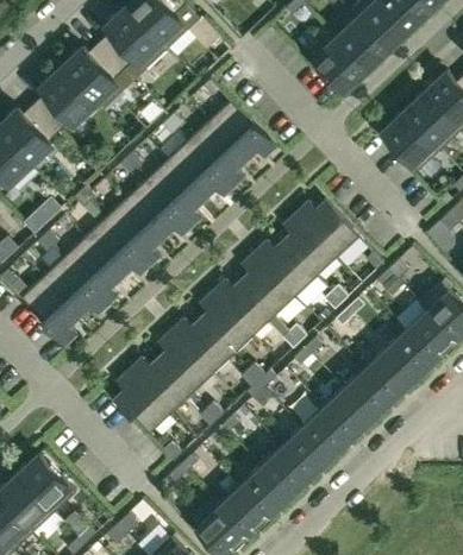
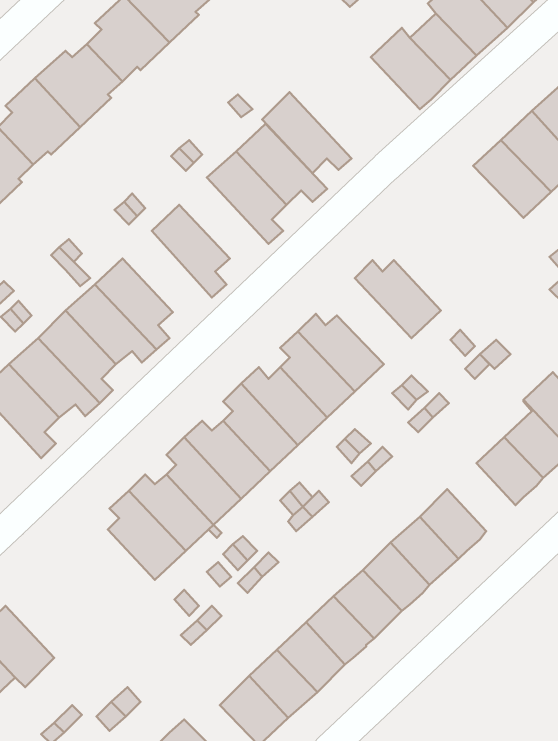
building: [168,140,233,200] -> [262,92,351,173]
building: [126,179,192,239] -> none
building: [283,214,338,277] -> none
building: [364,349,414,399] -> none

